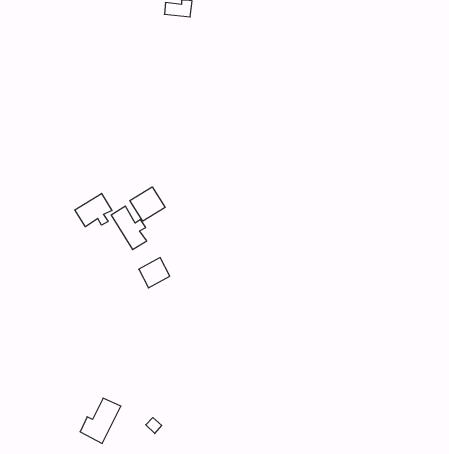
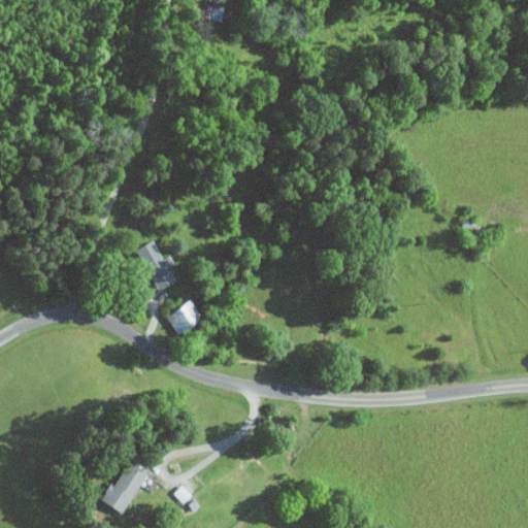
building: [130,187,165,221] -> none
building: [75,193,112,227] -> none

